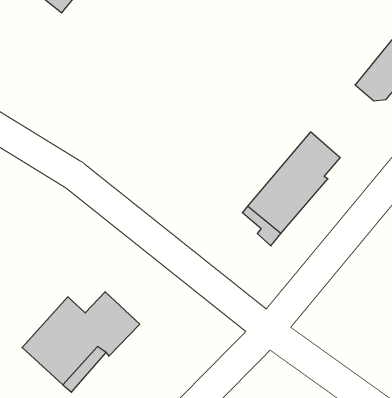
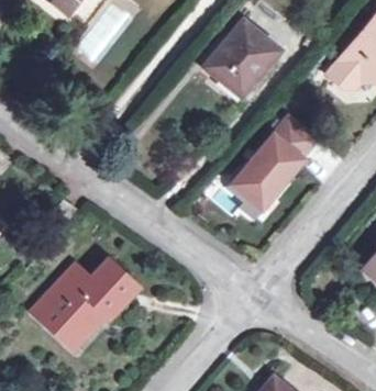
building: none -> [203,20,279,96]

